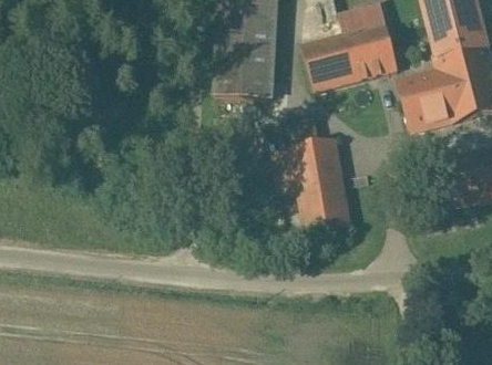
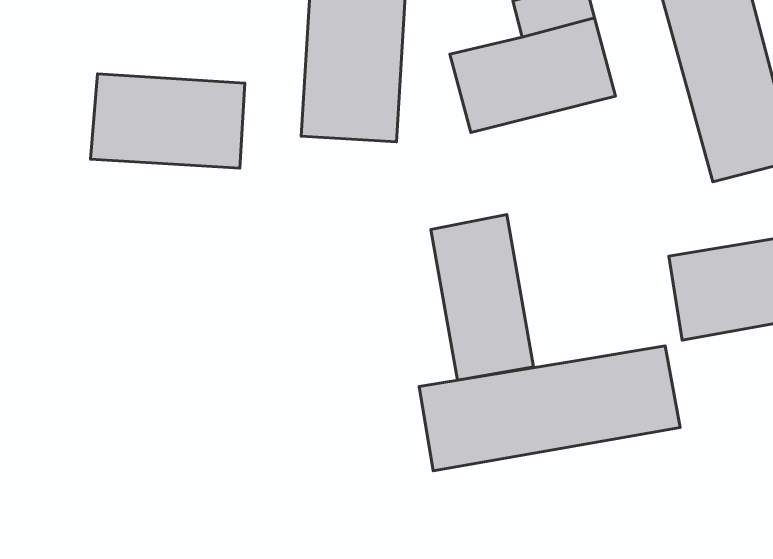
building: none -> [90,74,245,168]
building: [400,70,455,129] -> none
building: none -> [419,346,680,471]

